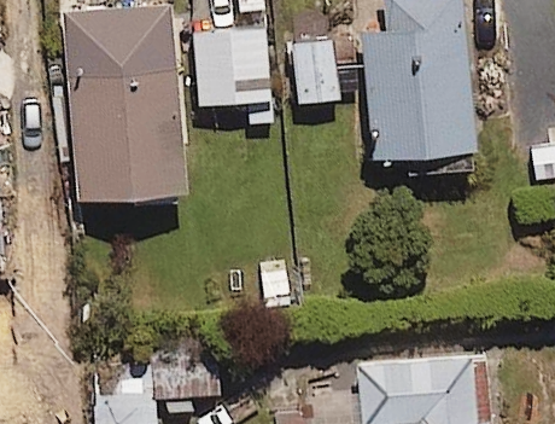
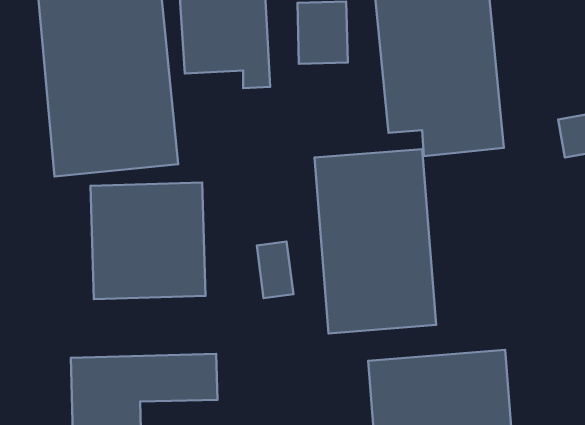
building: none -> [314,149,436,333]
building: none -> [91,183,205,299]

